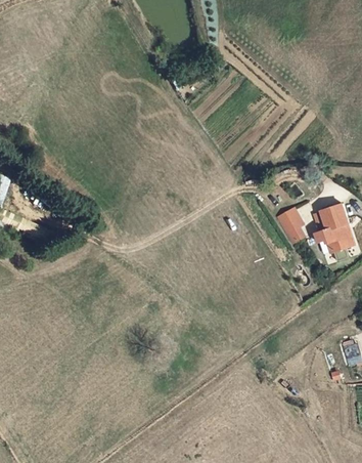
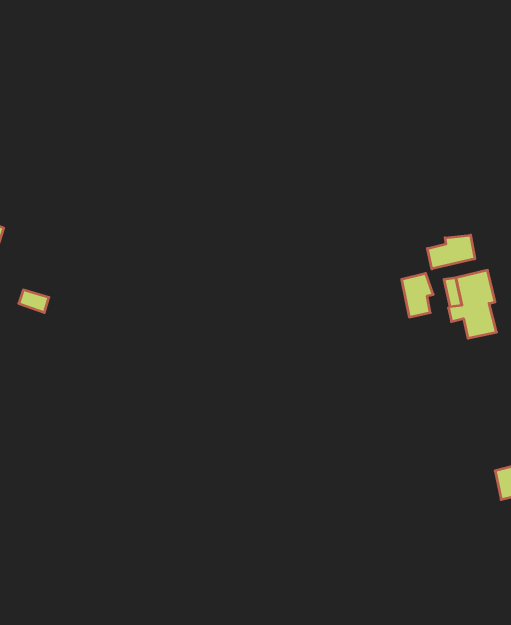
building: none -> [427,235,475,269]

